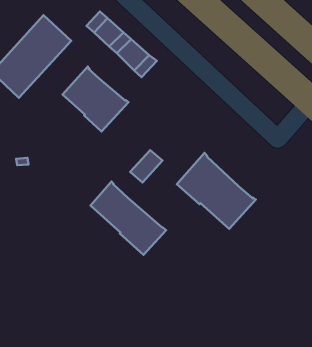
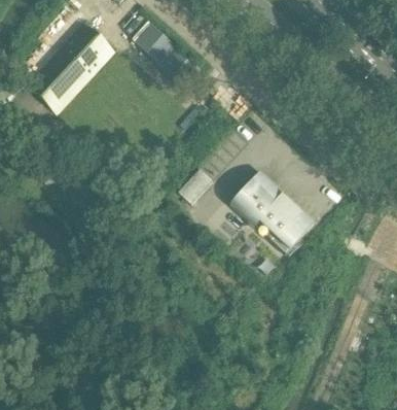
building: [63,67,128,131] -> none
building: [90,182,166,255] -> none

